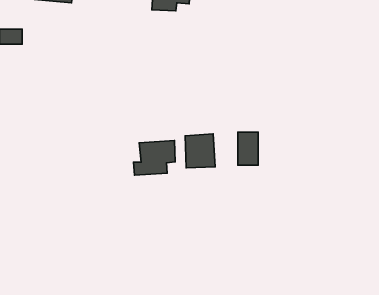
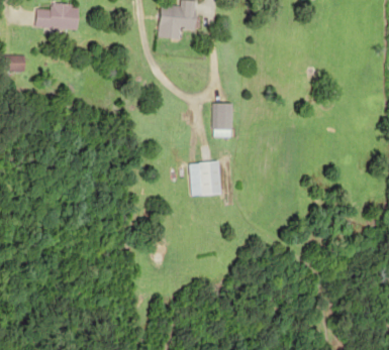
building: [238,132,258,165] -> [213,104,233,137]
building: [134,141,175,175] -> none

